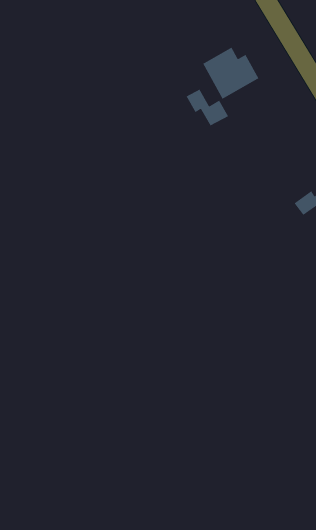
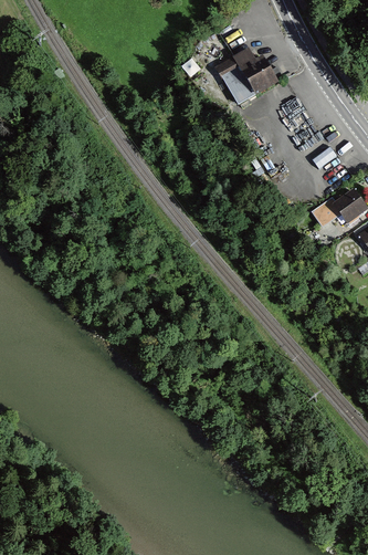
building: [186,89,229,127] -> none

